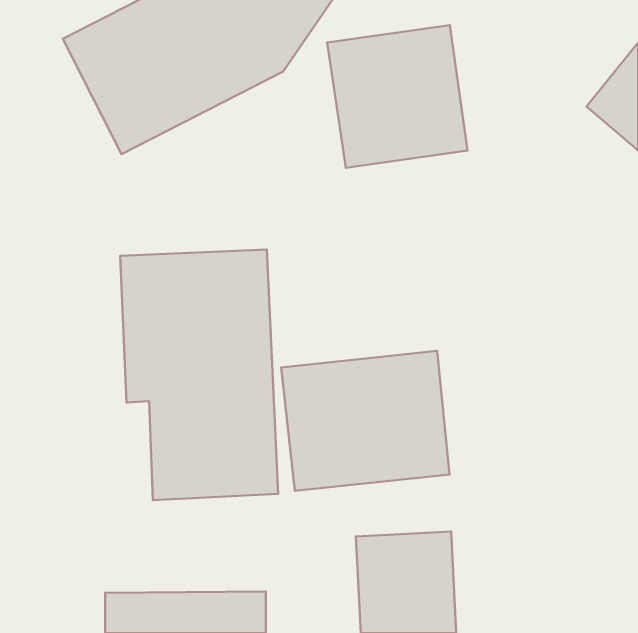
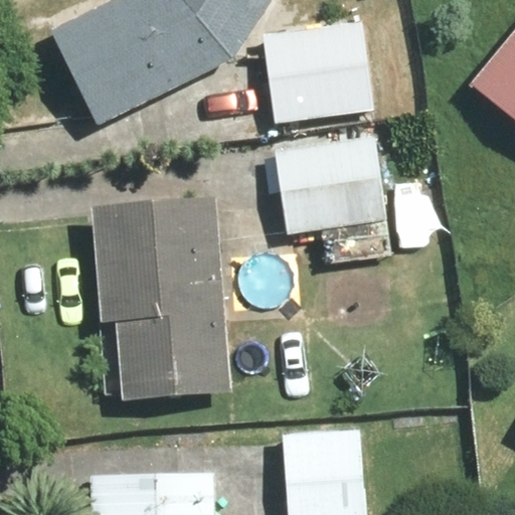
building: none -> [218,140,386,267]
building: [281,351,449,491] -> none

